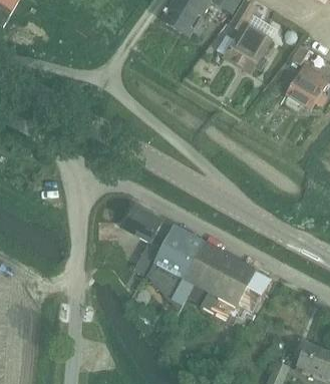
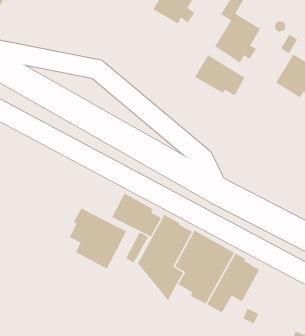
building: none -> [194,54,245,96]
building: none -> [69,207,127,270]

